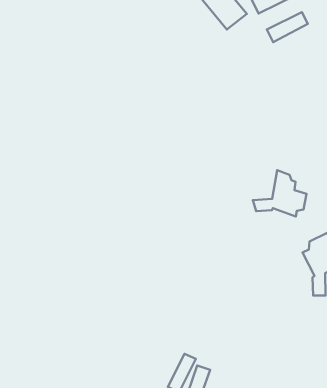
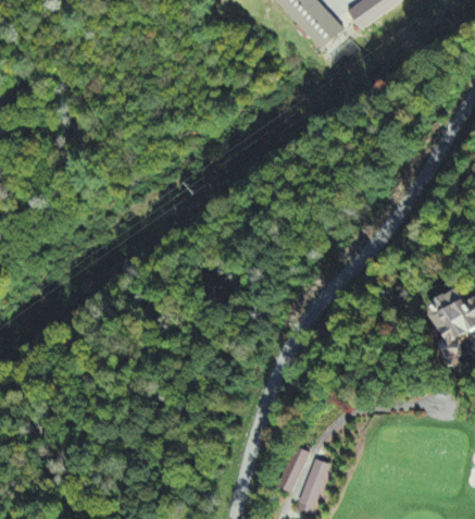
building: [267,12,308,42] -> none
building: [253,170,306,217] -> none

